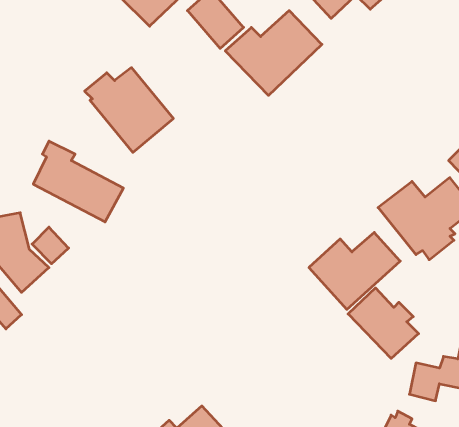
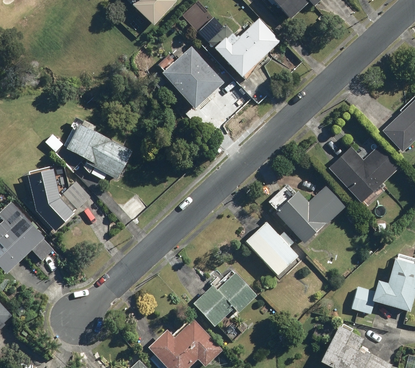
building: [85,68,173,152] -> [156,46,224,111]
building: [348,288,419,358] -> [244,220,298,274]
building: none -> [192,270,257,329]

